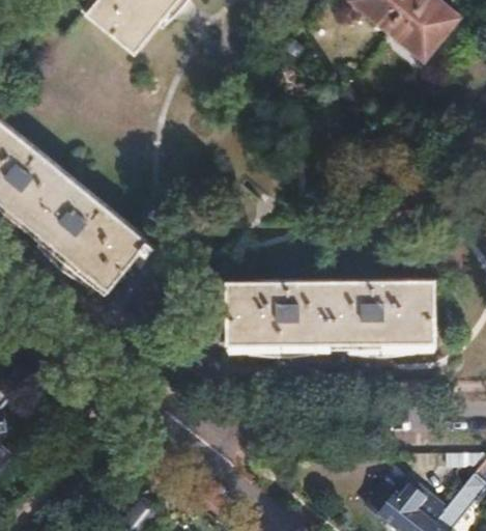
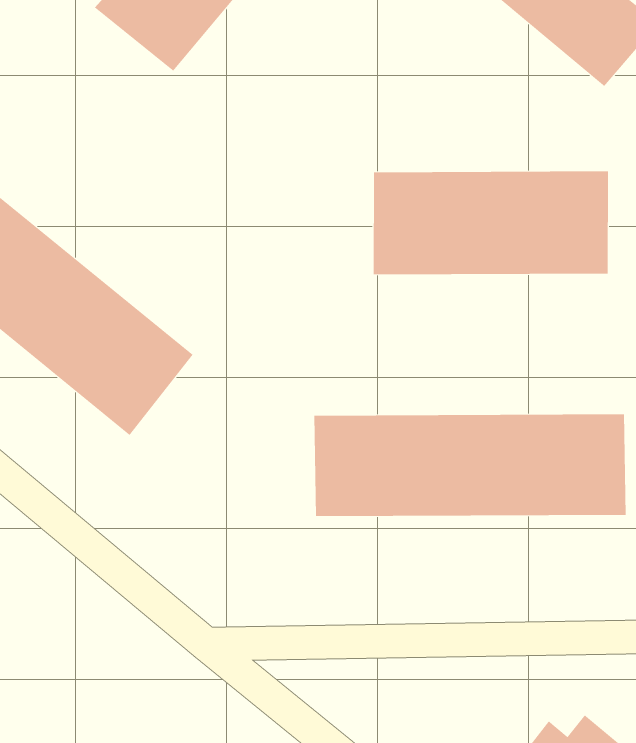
building: none -> [373,171,608,275]

